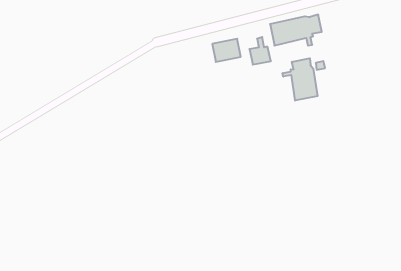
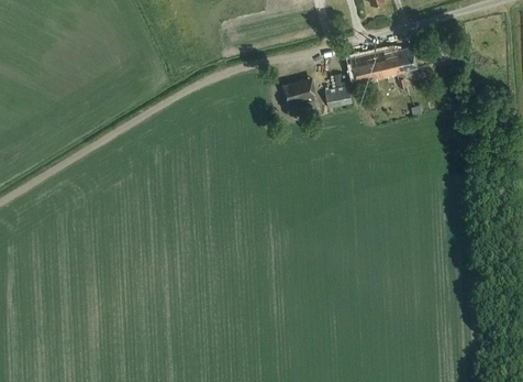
building: [283,58,318,101] -> none

